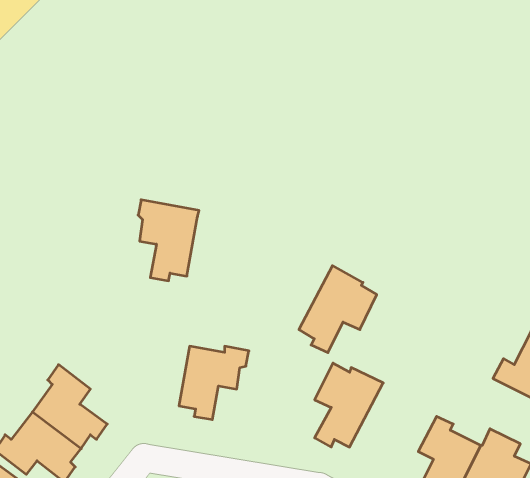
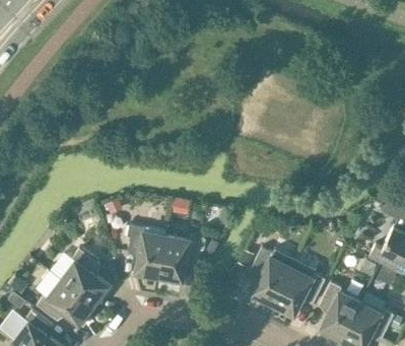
building: [138,200,199,281] -> [126,226,166,280]
building: [299,266,377,353] -> [272,262,324,320]

